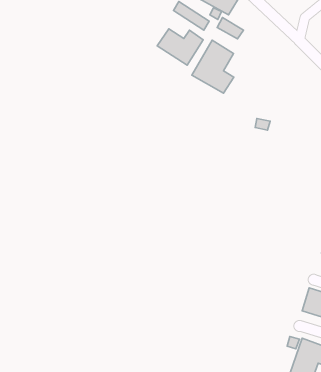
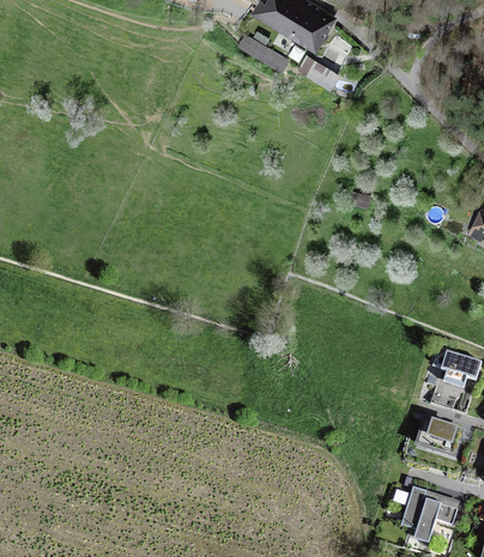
building: [157,29,203,65] -> none
building: [192,40,234,93] -> none

